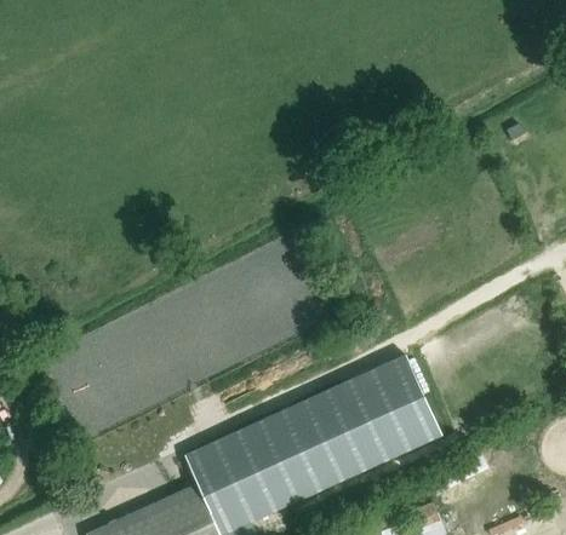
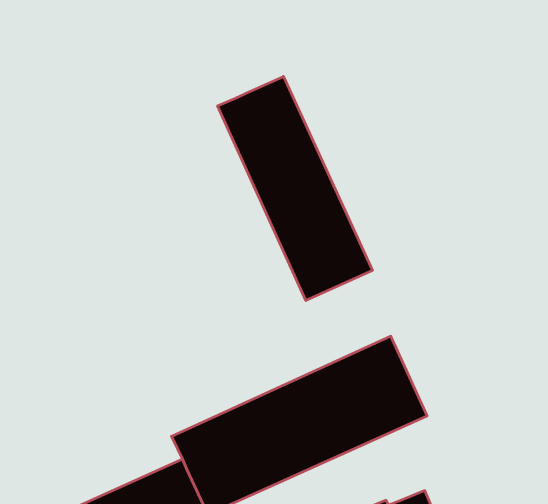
building: none -> [218,76,372,301]

